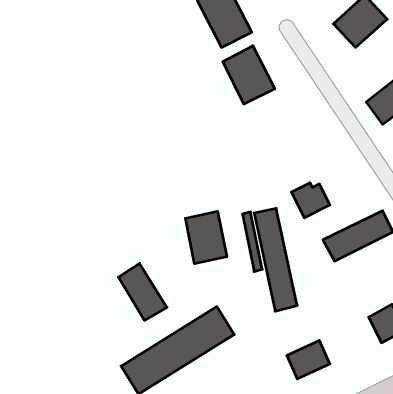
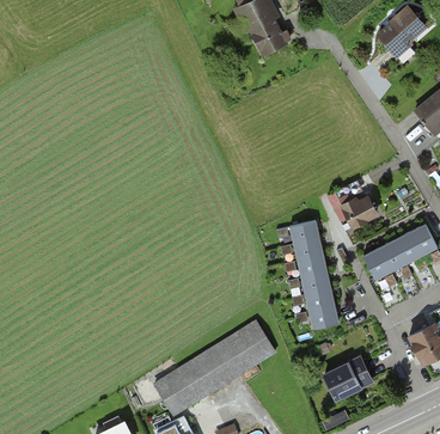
building: [223,46,275,104] -> none
building: [185,211,227,264] -> none
building: [118,263,167,320] -> none

